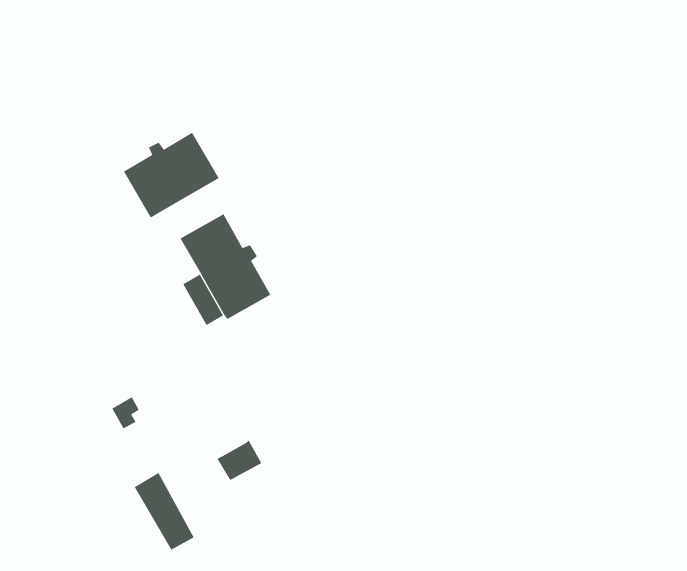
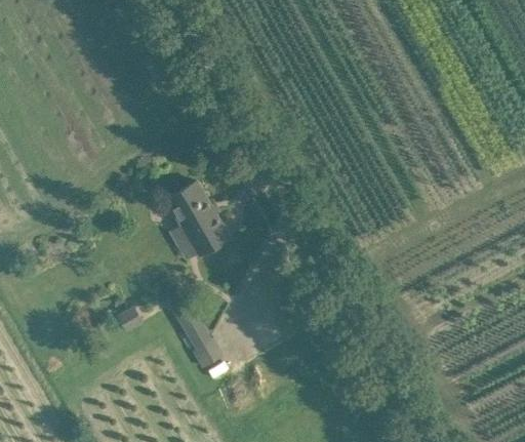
building: [123,132,220,218] -> none
building: [134,472,194,551] -> [170,295,212,350]

